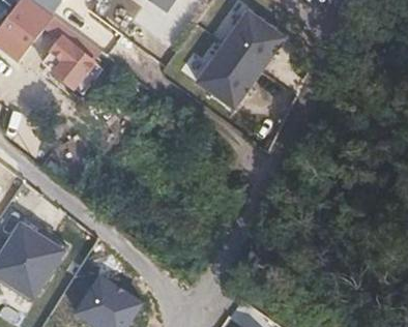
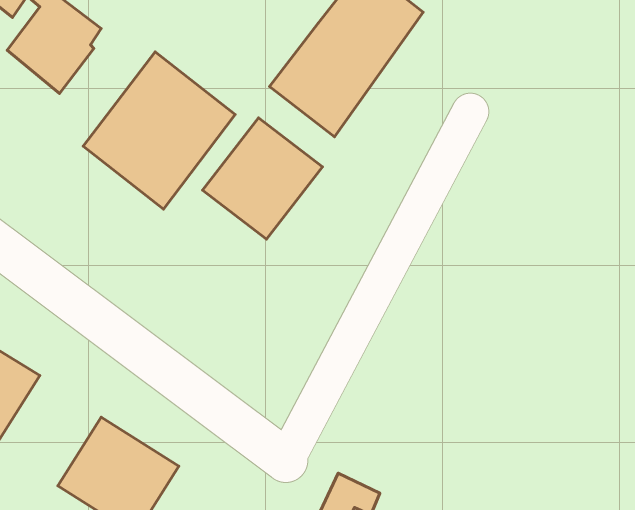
building: none -> [83,52,235,209]
building: none -> [203,118,323,239]

